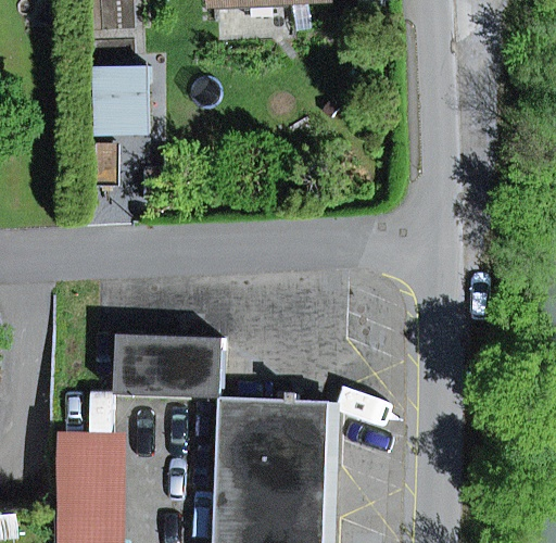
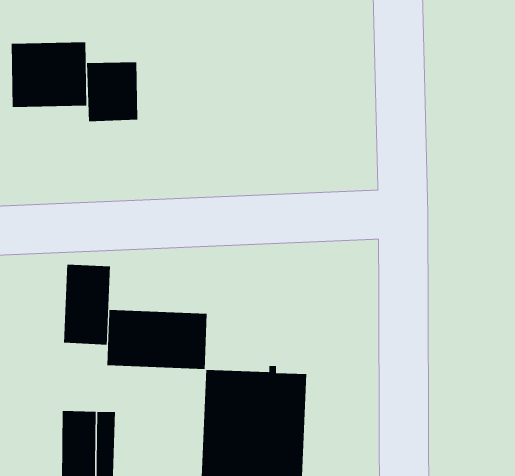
building: none -> [11,42,87,108]
building: none -> [64,264,110,345]

